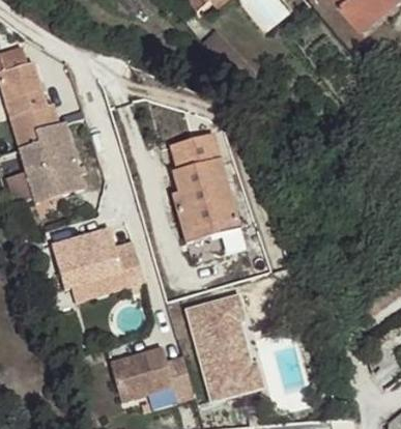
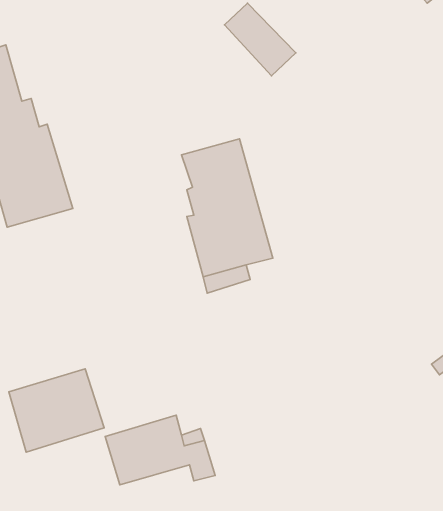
building: [52,227,125,291] -> [9,369,104,452]
building: [188,294,265,398] -> none

